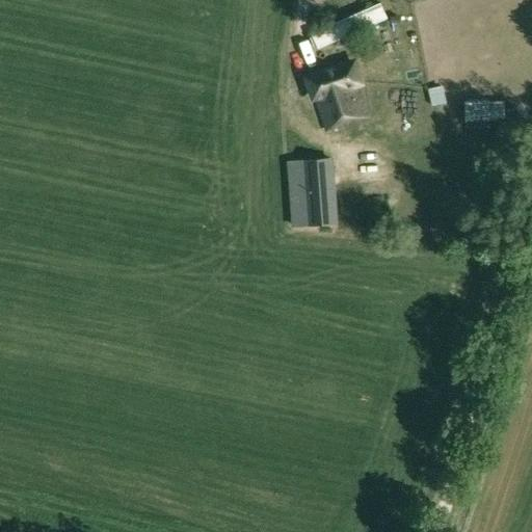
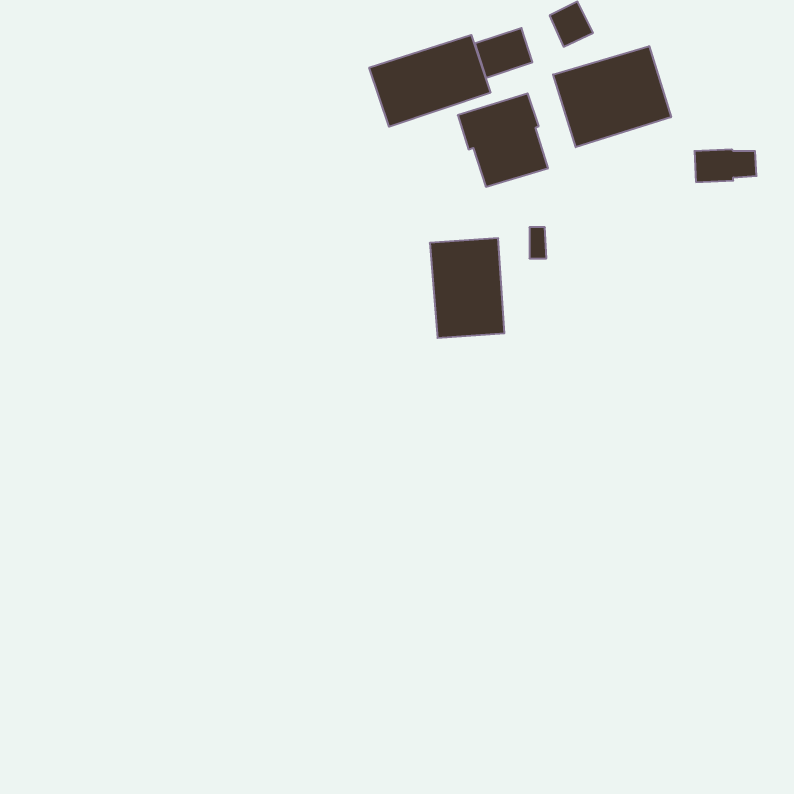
building: none -> [369,35,490,127]
building: none -> [553,46,671,147]

